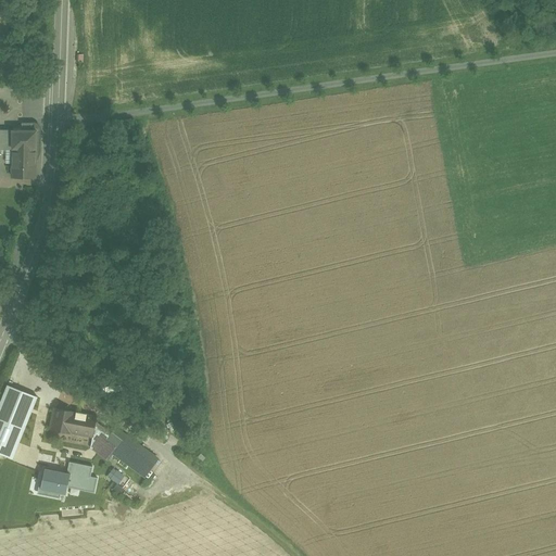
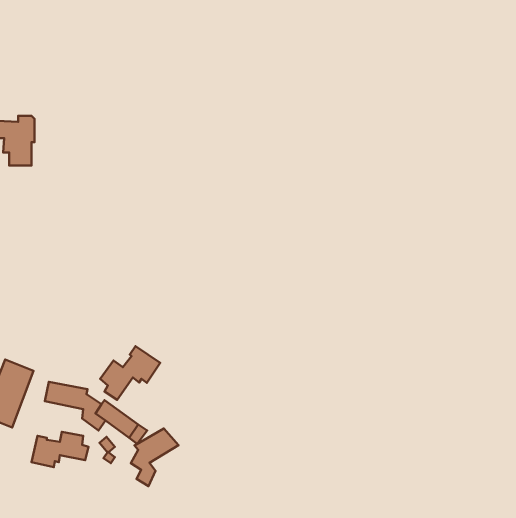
building: none -> [100,346,160,400]
building: none -> [131,429,178,486]

